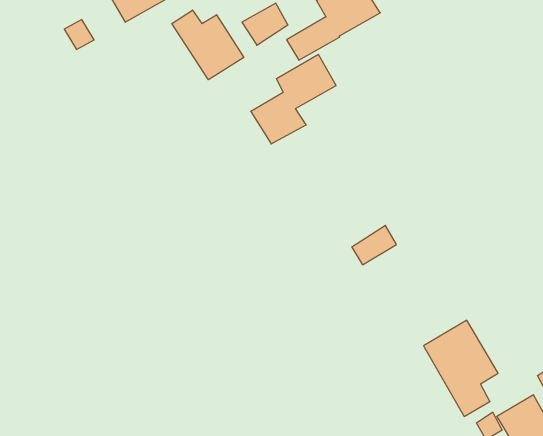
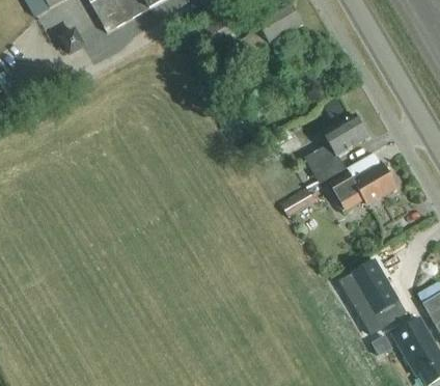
building: [172,10,244,80] -> none
building: [251,54,336,144] -> [305,113,370,182]
building: none -> [331,163,398,210]

